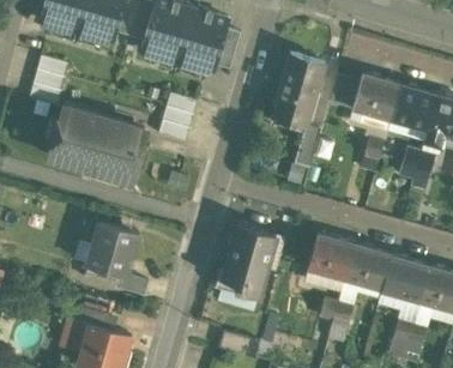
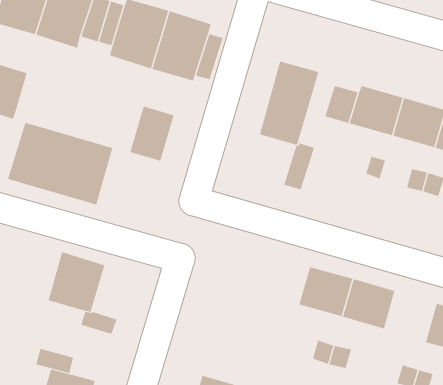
building: [222,227,276,300] -> none
building: [381,258,428,303] -> none

